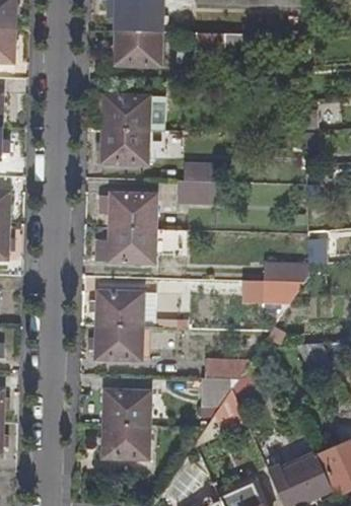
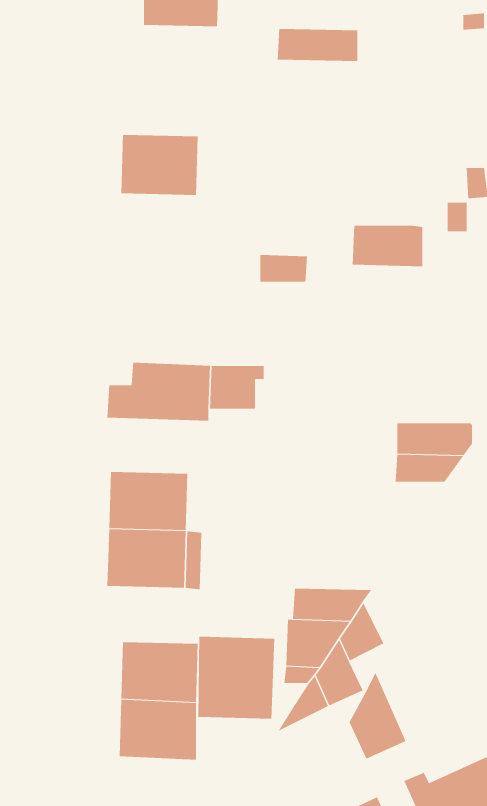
building: [116,30,160,65] -> none
building: [101,129,148,162] -> none
building: [178,180,219,205] -> [352,225,423,267]
building: [100,193,155,228] -> none
building: none -> [198,636,275,720]
building: none -> [349,672,406,759]

